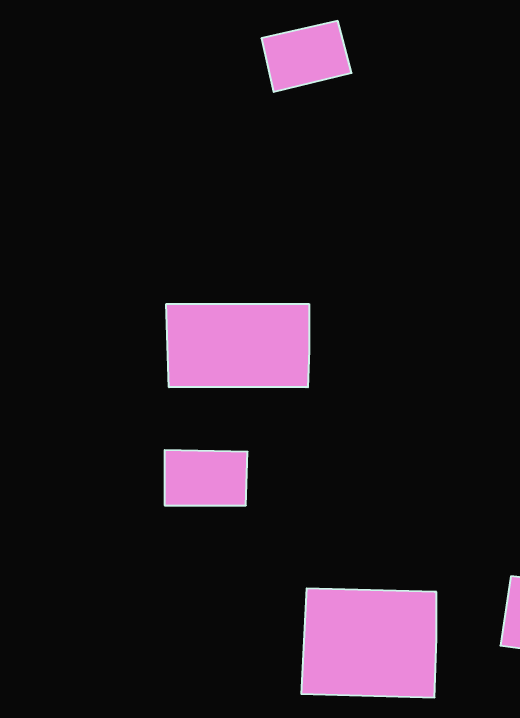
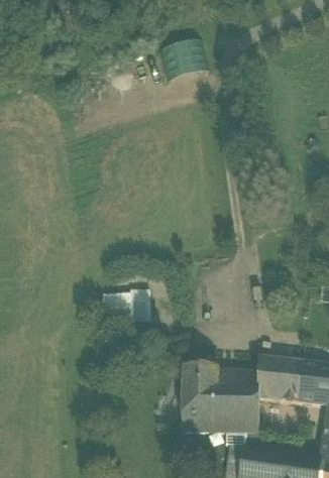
building: [166,304,309,387] -> none
building: none -> [257,357,302,402]

